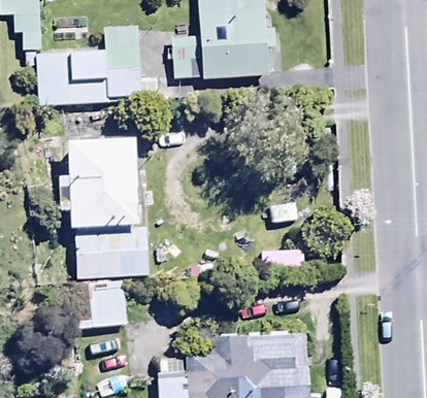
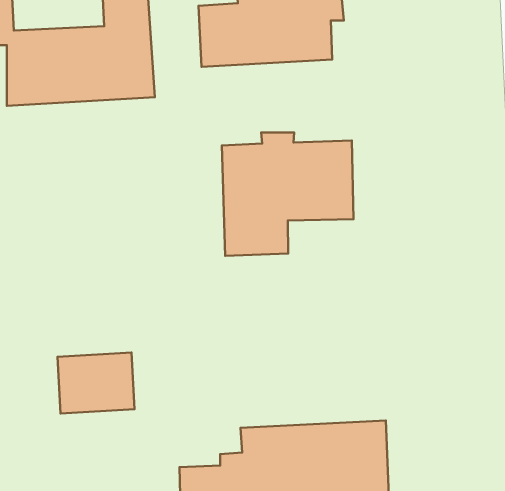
building: none -> [222,133,354,256]
building: [61,143,149,278] -> none

